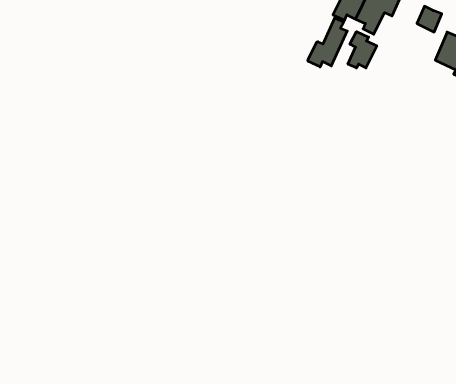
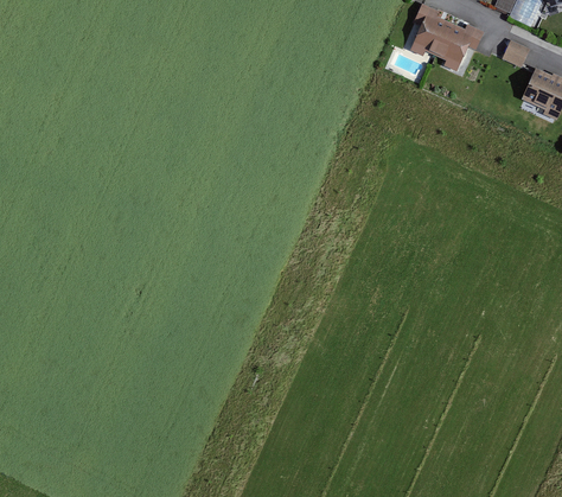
building: [308,18,347,67] -> none
building: [348,32,377,68] -> none

